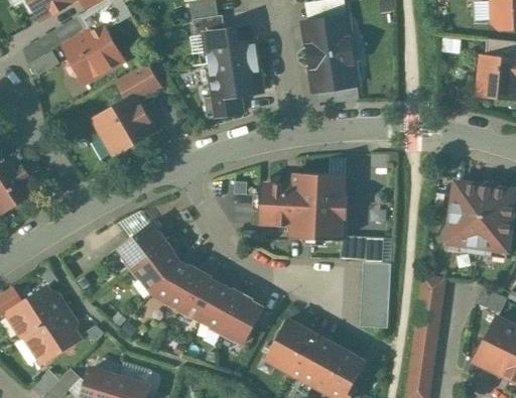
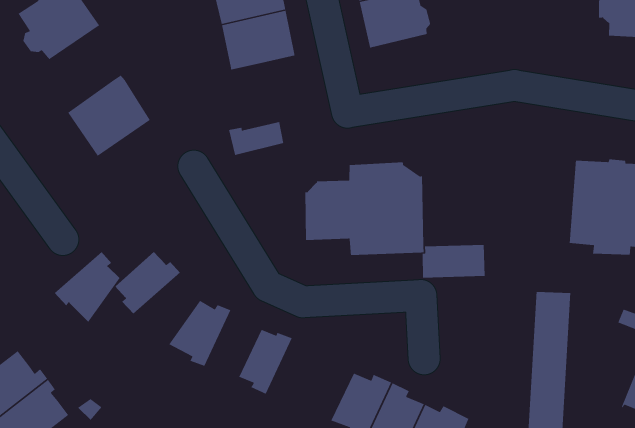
building: [116,63,158,100] -> none
building: [203,95,242,117] -> [228,121,284,156]
building: [130,241,178,291] -> [54,251,120,323]
building: [359,260,386,323] -> none
building: [178,270,221,318] -> none
building: [221,293,263,343] -> none

